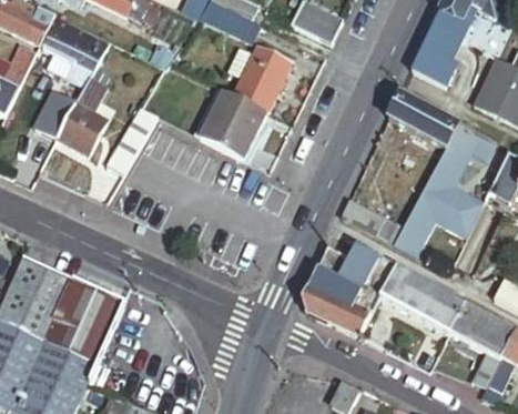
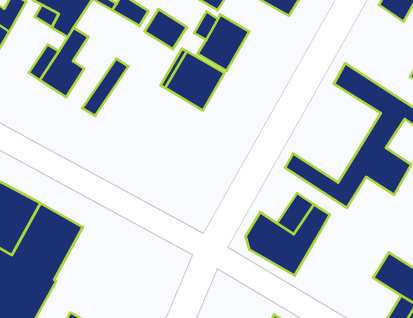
building: [412,24,463,87] -> none
building: none -> [144,9,187,49]
building: [382,265,466,334] -> none

